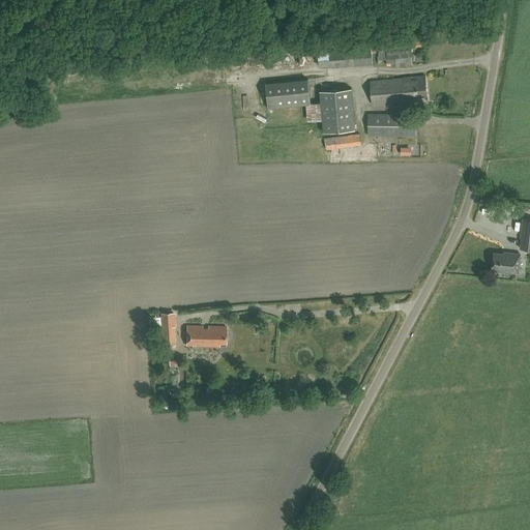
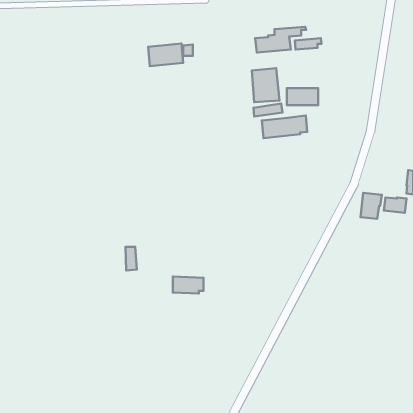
building: [369,76,426,105] -> [262,115,307,138]
building: [265,80,310,109] -> [148,43,183,66]
building: none -> [361,193,382,219]
building: [185,326,225,348] -> [173,276,204,293]

